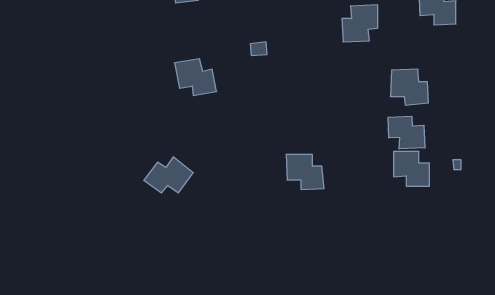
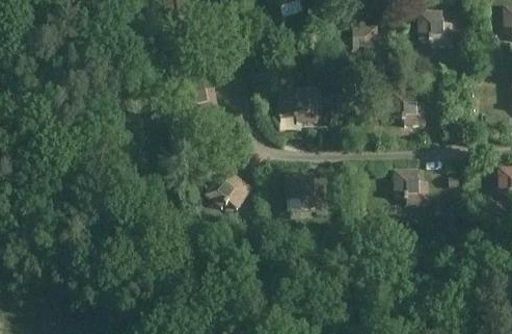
building: none -> [282,88,319,123]
building: [388,116,425,149] -> none
building: [144,157,193,193] -> [204,173,252,208]

